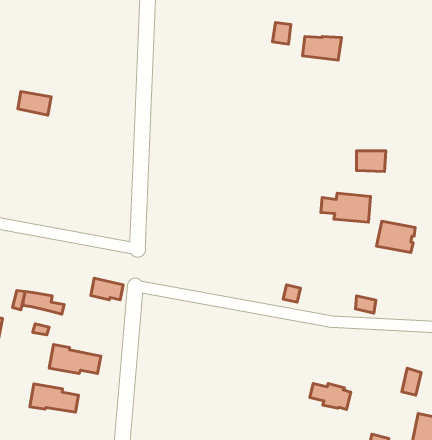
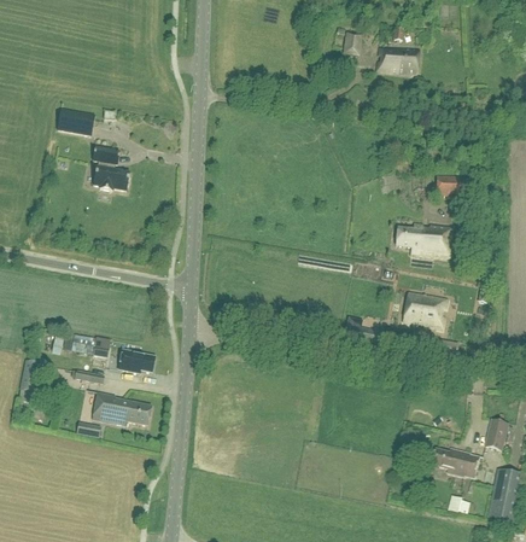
building: none -> [92,147,129,191]
building: [376,221,415,252] -> [403,292,446,327]
building: [91,278,123,300] -> [118,349,154,373]
building: [310,383,351,409] -> [433,447,479,476]
building: [30,384,78,412] -> none

